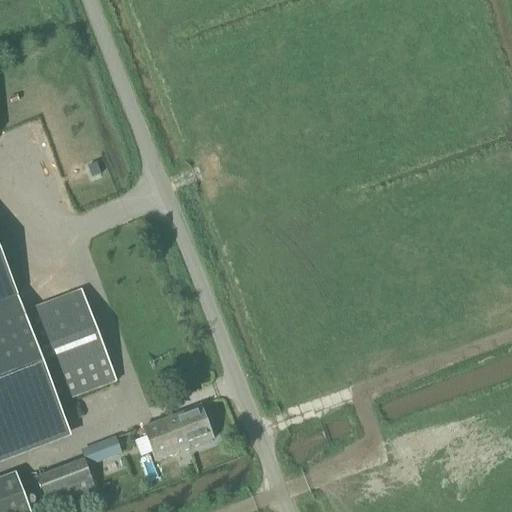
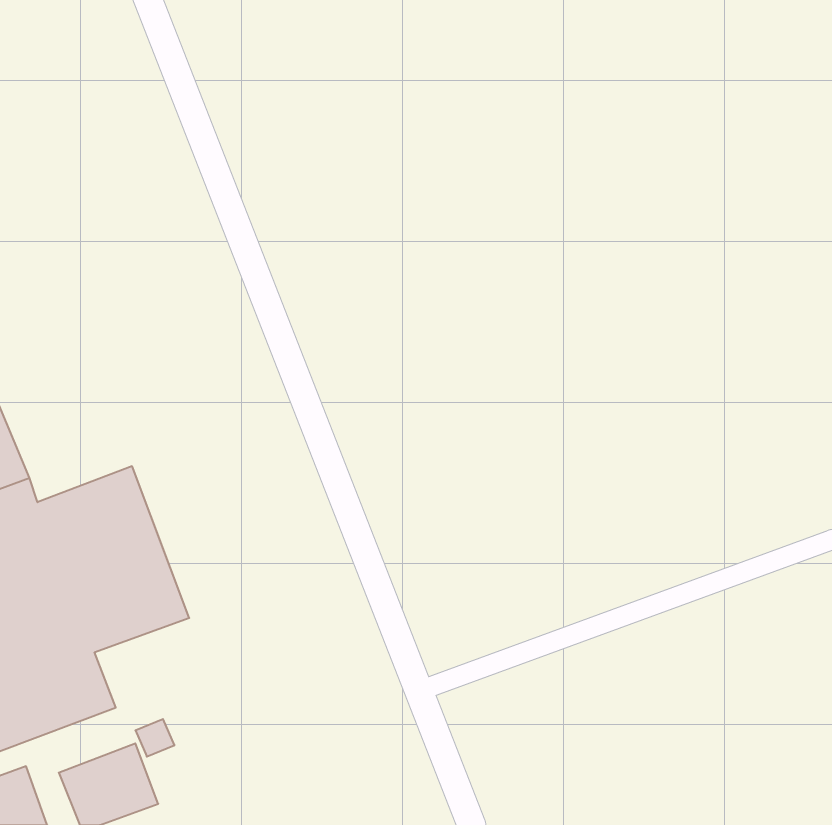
building: [143,403,213,458] -> none

